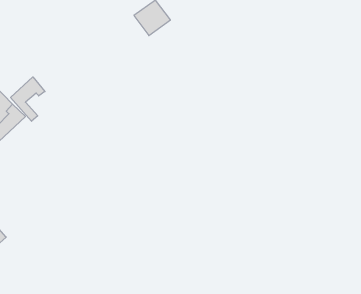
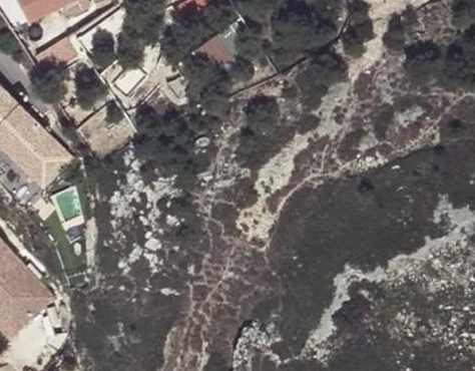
building: [11,77,45,121] -> none

